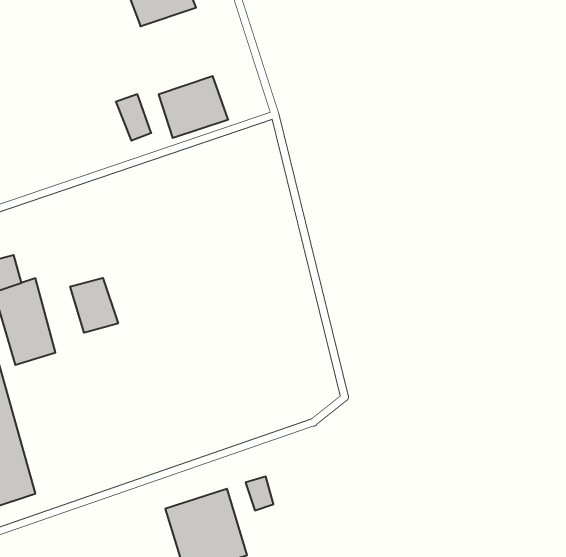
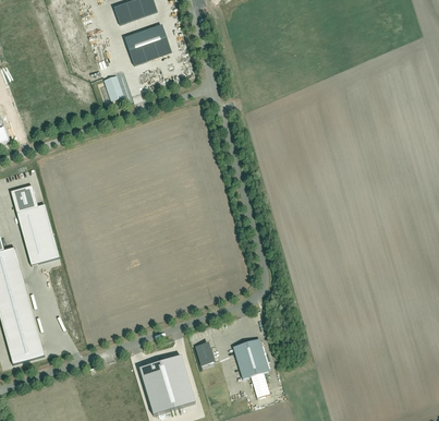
building: [159,76,228,138] -> [122,22,171,65]
building: [70,278,118,333] -> none
building: none -> [231,339,268,380]

